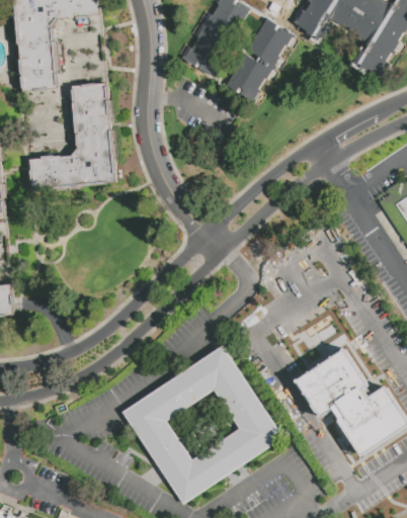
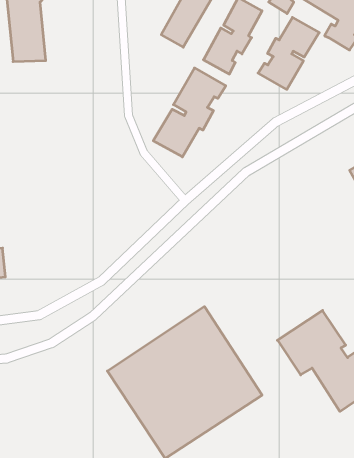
building: none -> [258,17,319,89]
building: [26,82,115,189] -> none
building: none -> [153,68,226,157]

